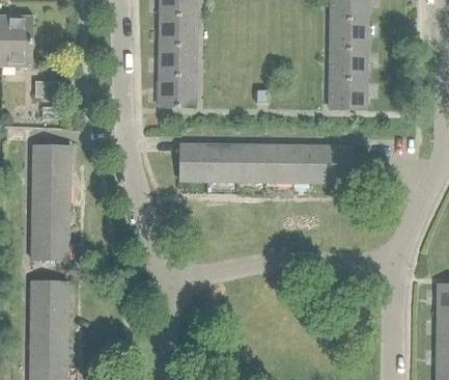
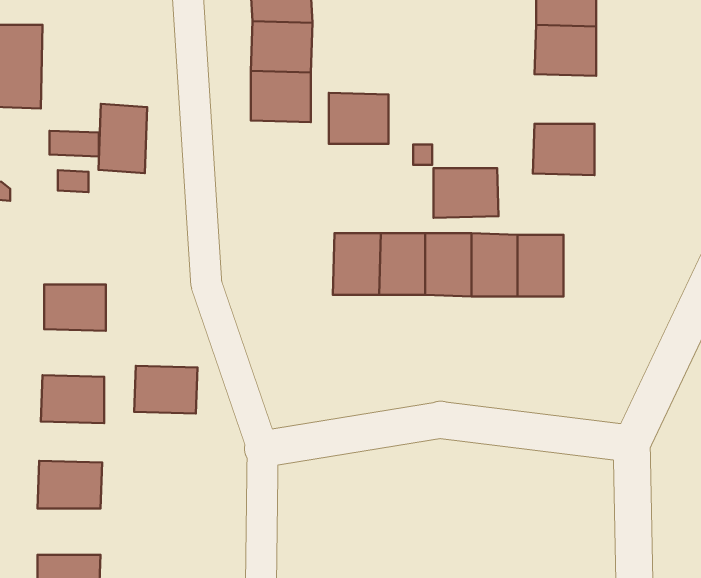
building: [331,48,368,78] -> none
building: none -> [98,104,147,173]
building: [159,76,195,107] -> [329,93,389,144]
building: none -> [434,168,499,218]
building: [180,143,209,182] -> none
building: [33,146,71,175] -> none
building: [32,202,71,232] -> [134,366,197,414]
building: [29,311,67,340] -> none

